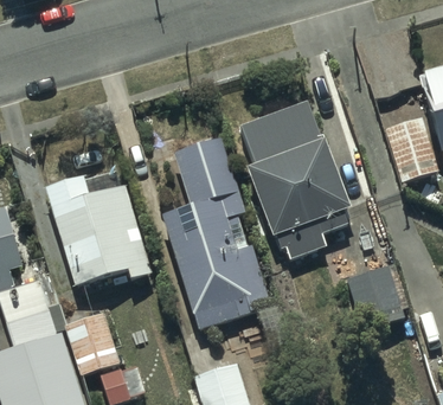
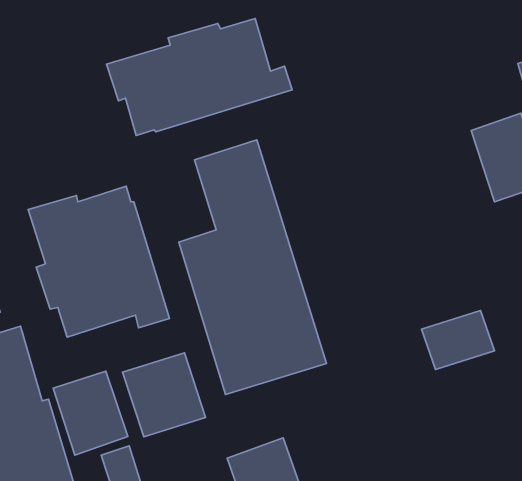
building: none -> [106,18,292,136]
building: [238,99,351,258] -> none
building: none -> [123,353,206,437]

